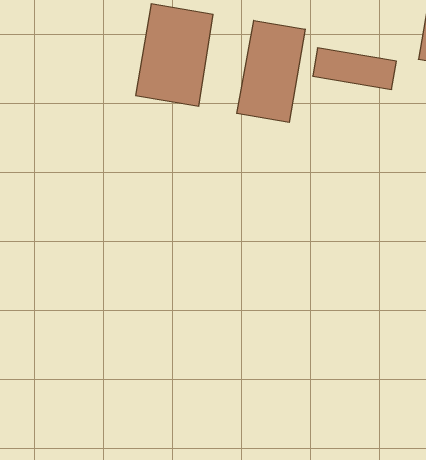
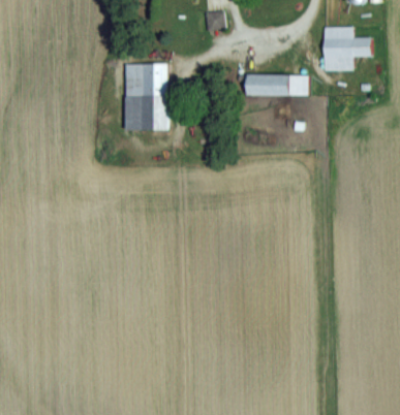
building: [237,20,305,122] -> none

